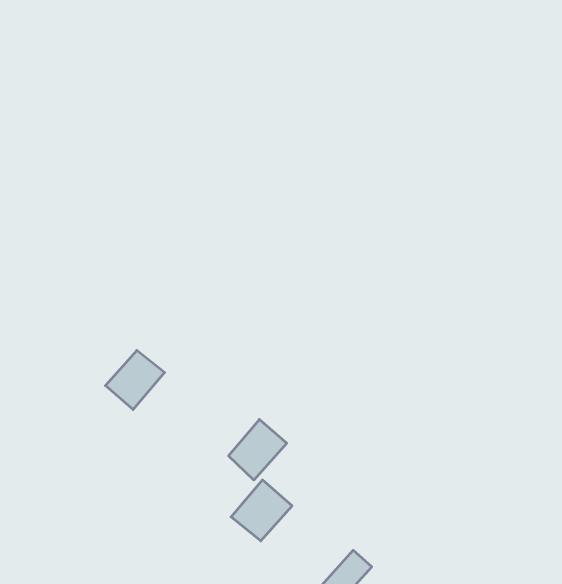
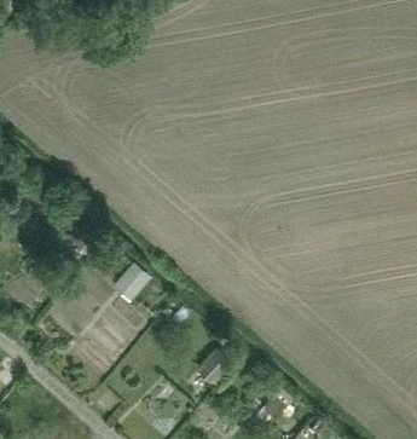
building: [229,419,287,480] -> none

